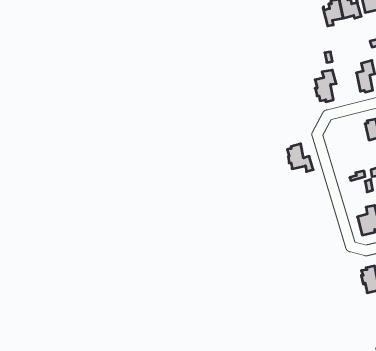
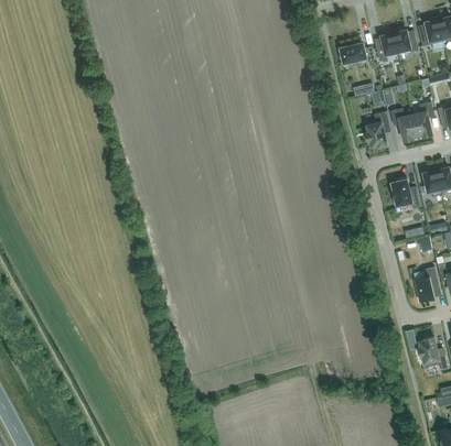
building: none -> [340,43,375,63]
building: none -> [389,108,417,141]
building: [287,144,313,172] -> [390,176,420,208]

